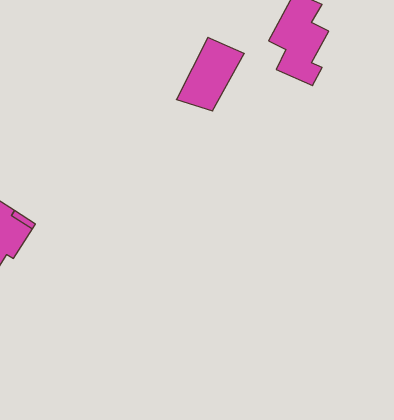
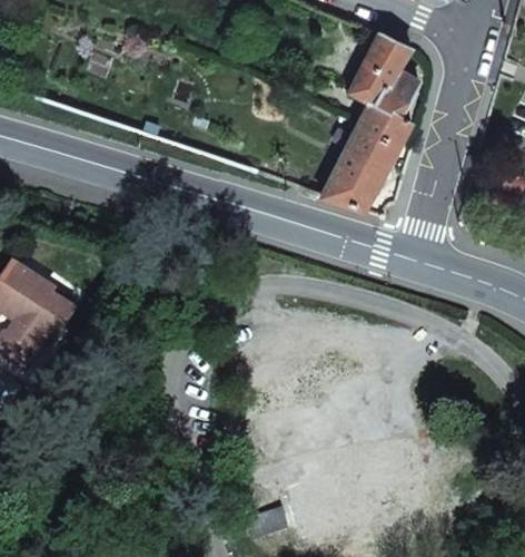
building: [176,37,244,111] -> [321,124,400,209]

